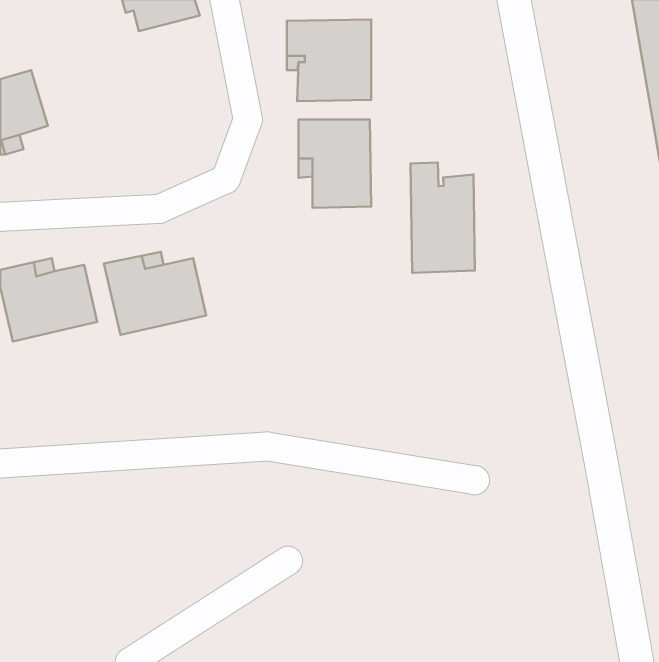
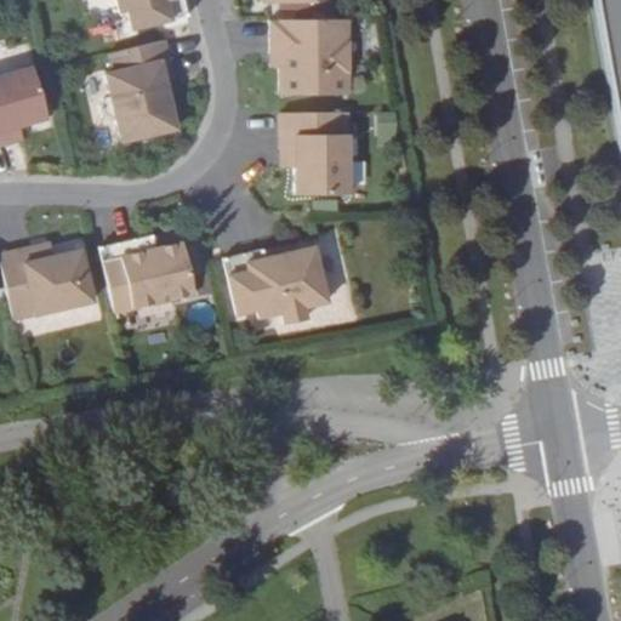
building: none -> [102,39,178,142]
building: [411,162,475,273] -> none
building: none -> [226,245,330,323]

